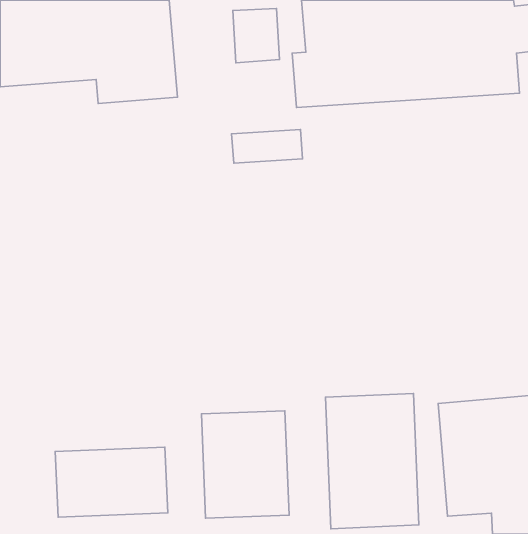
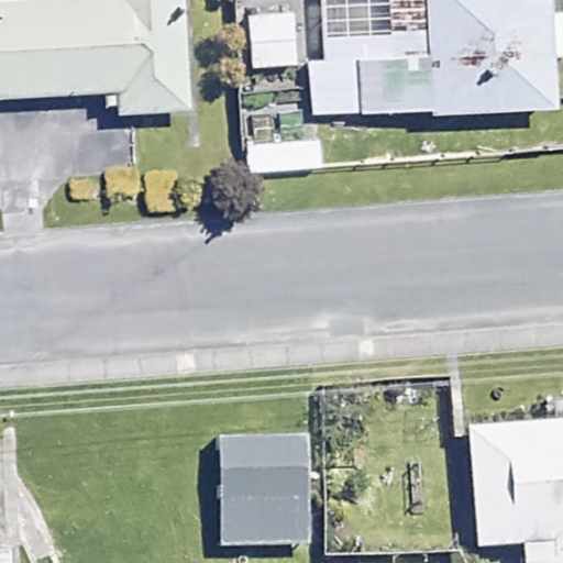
building: [326,393,419,529] -> none
building: [55,447,168,517] -> none

